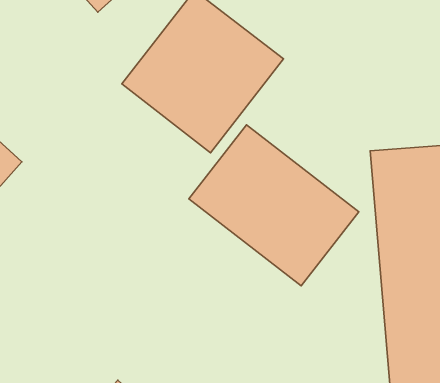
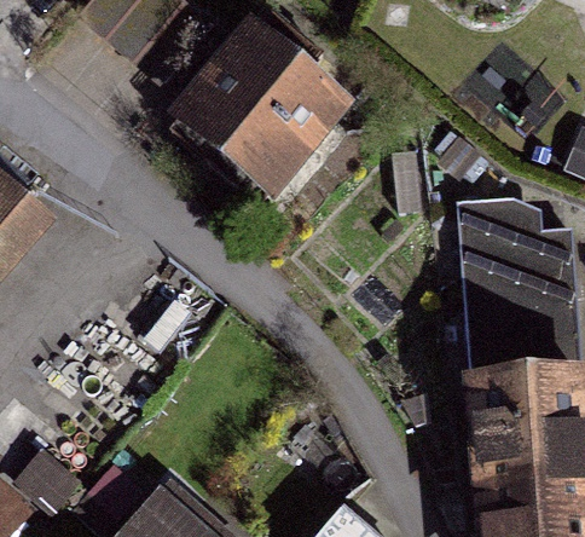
building: [189,125,359,286] -> none

